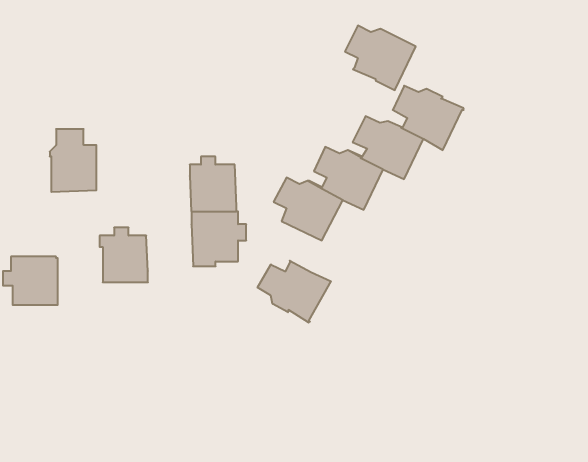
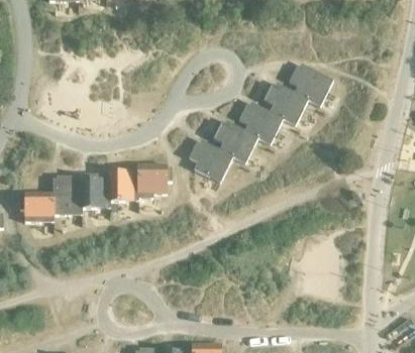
building: [345,26,416,90] -> [289,65,333,105]
building: [50,129,96,192] -> [53,174,82,214]
building: [190,157,236,211] -> [109,165,138,200]
building: [258,261,331,323] -> none

